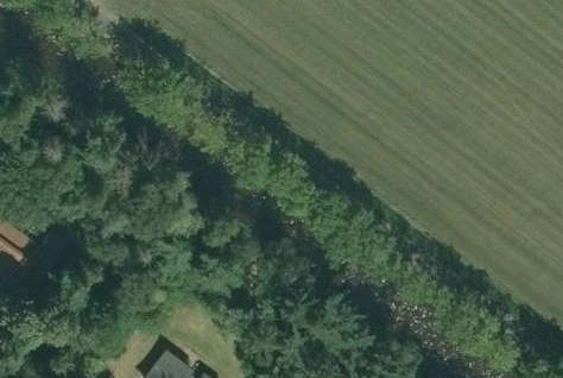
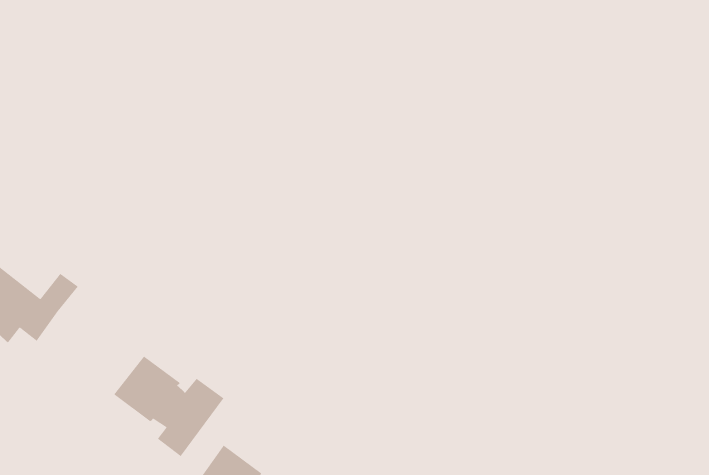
building: none -> [113,355,225,457]

